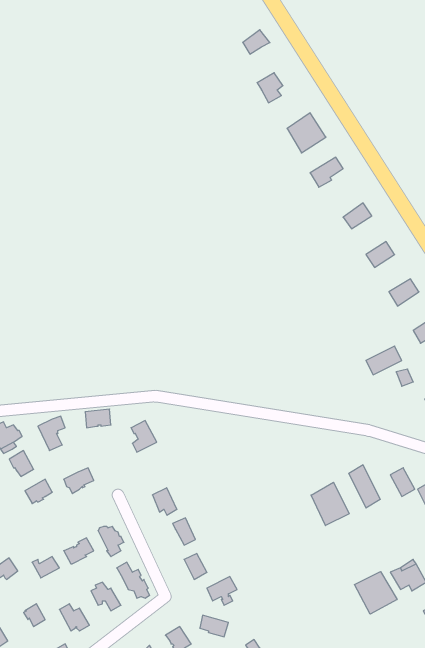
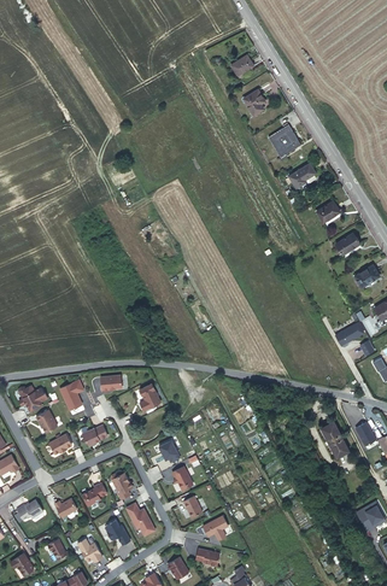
building: [311,482,349,526] -> none
building: [354,572,397,614] -> none

